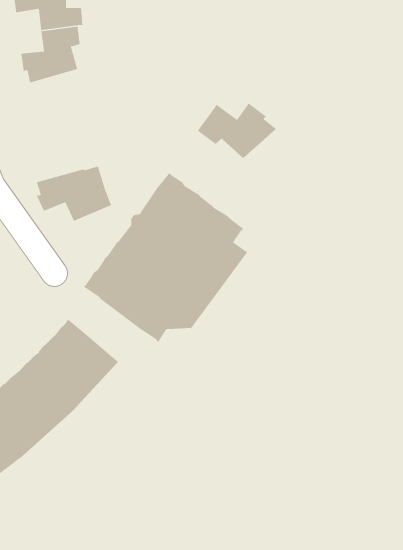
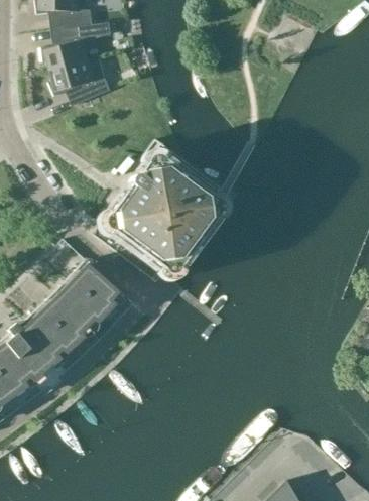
building: [197,102,277,159] -> none
building: [36,166,112,222] -> [49,60,111,106]

